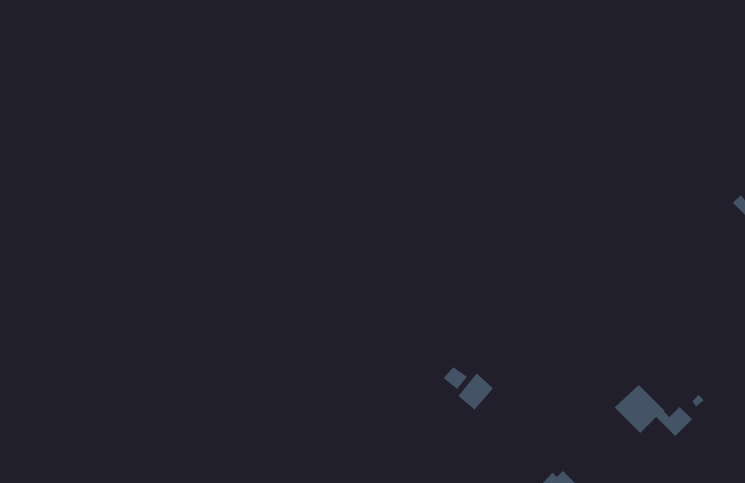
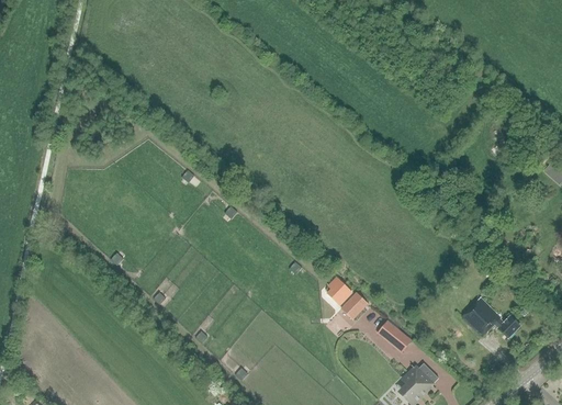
building: none -> [376,322,412,355]

